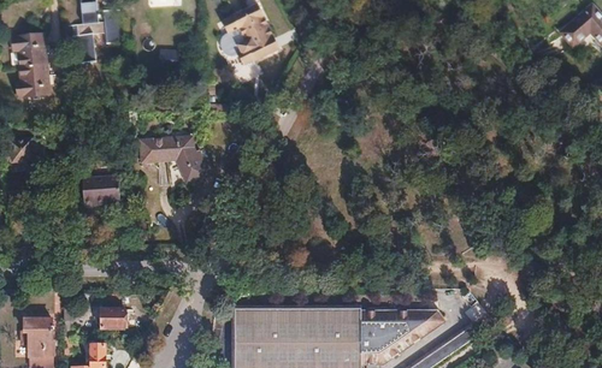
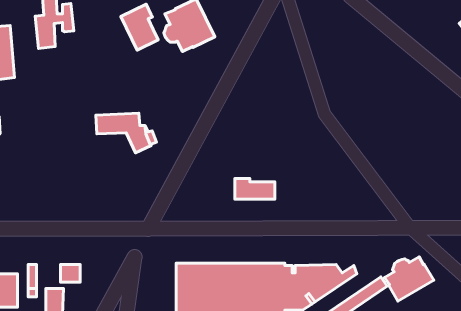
building: none -> [121,4,158,50]
building: [84,174,122,206] -> none
building: none -> [235,179,275,199]
building: none -> [384,257,434,301]

